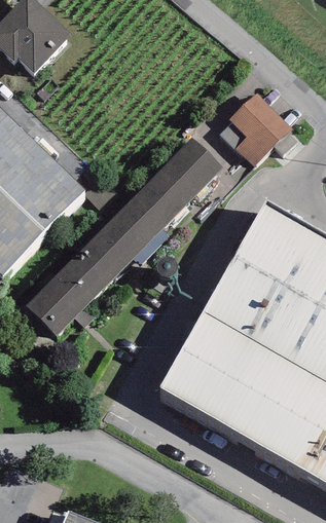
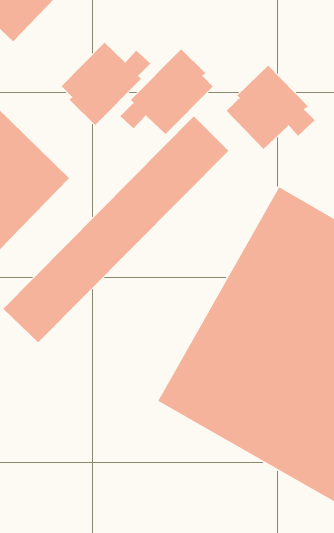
building: none -> [61,42,151,126]
building: none -> [120,48,213,135]

